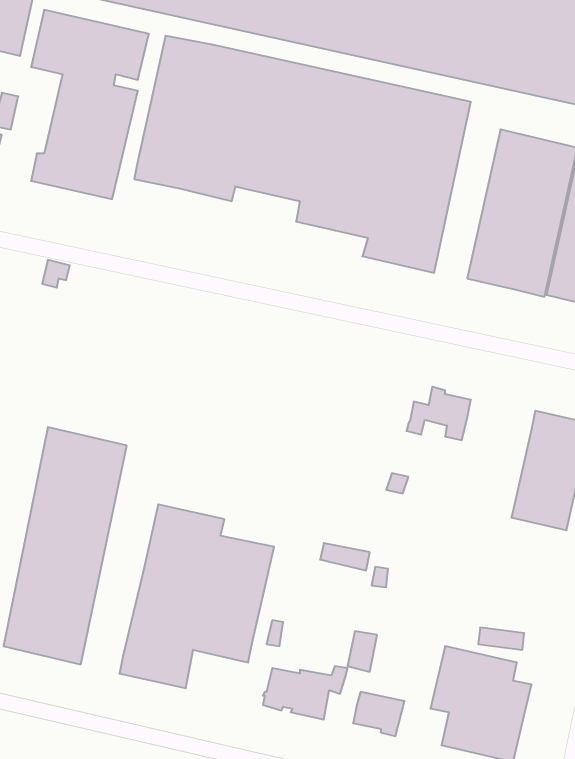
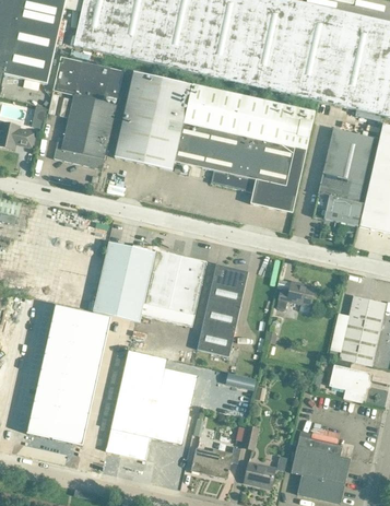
building: none -> [93,240,206,326]
building: none -> [196,262,248,355]
building: none -> [329,357,370,401]

